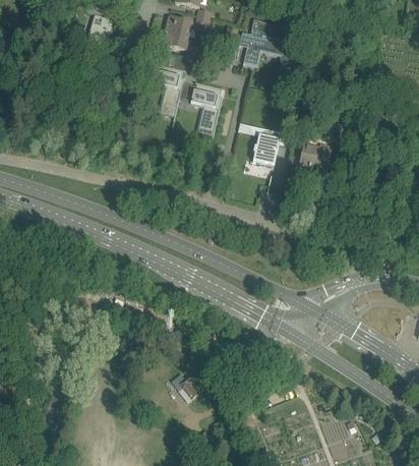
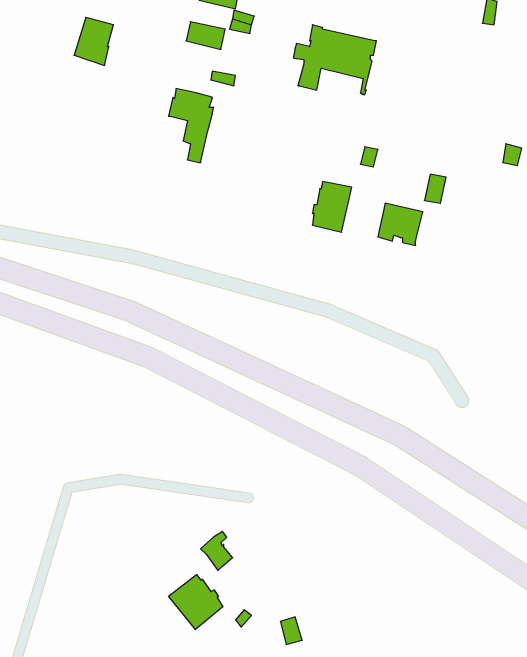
building: [156,31,189,51] -> none
building: [190,82,222,135] -> none
building: none -> [169,575,223,630]

